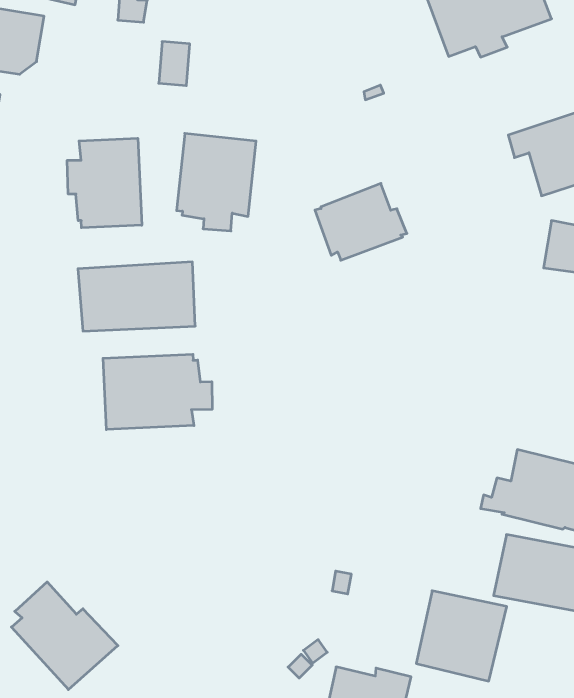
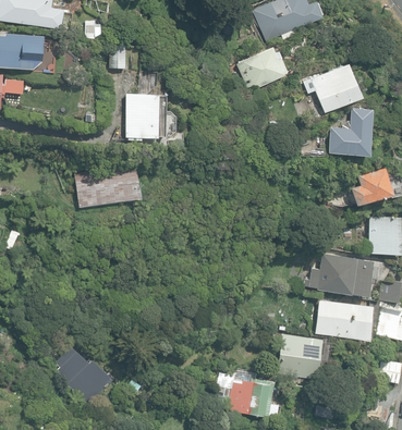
building: [67,138,142,228] -> none
building: [315,183,407,260] -> [237,47,289,90]
building: [103,354,212,430] -> none

